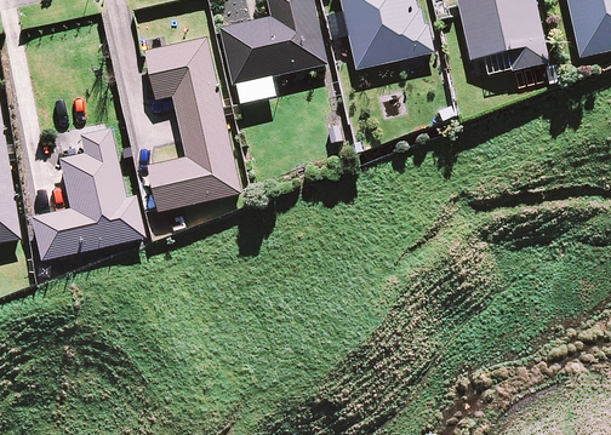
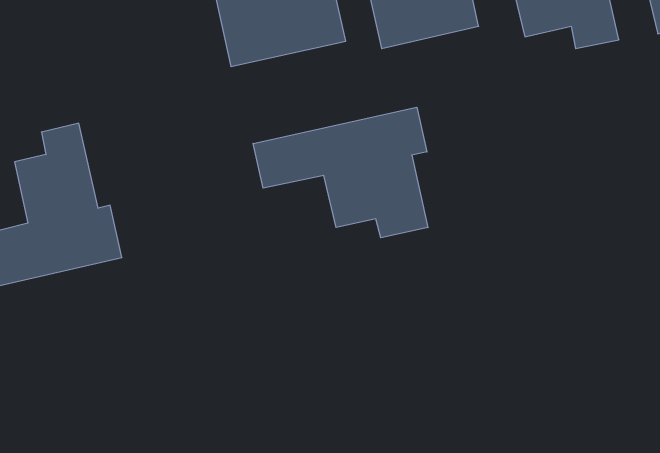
building: [144,35,241,212] -> none
building: none -> [253,107,428,238]

